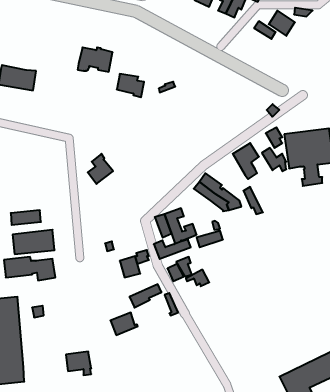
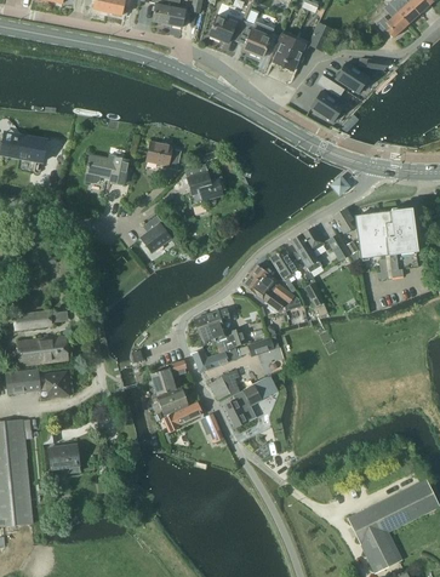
building: none -> [310,90,344,121]
building: [78,47,113,72] -> [85,153,128,183]
building: none -> [188,172,223,206]
building: [88,154,113,184] -> [141,215,172,252]
building: none -> [270,248,299,292]
building: none -> [224,395,257,427]
building: [110,313,138,335] -> [156,387,190,415]
building: [66,352,91,375] -> [48,444,80,473]

